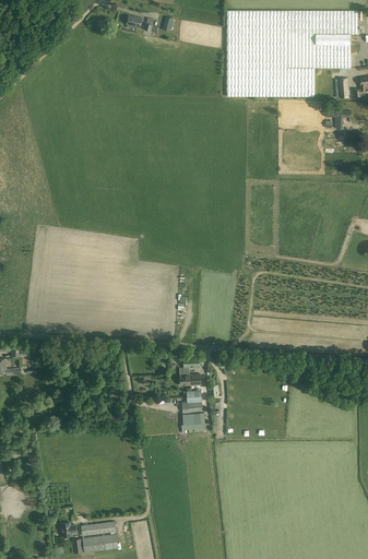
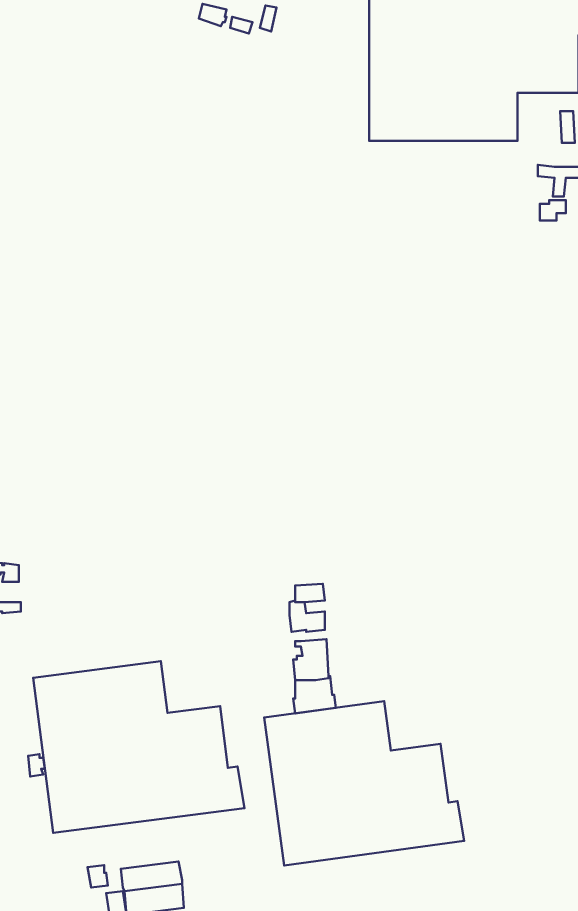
building: none -> [33,661,245,833]
building: none -> [264,701,464,865]

